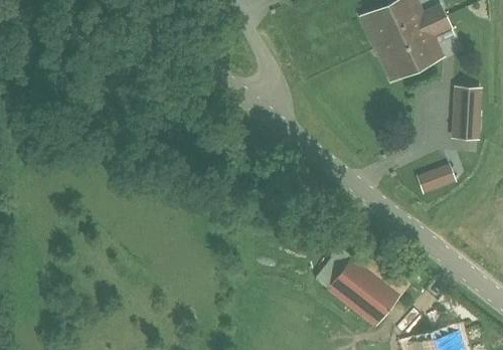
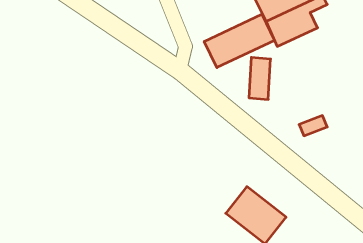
building: none -> [204,14,275,68]
building: [452,88,479,140] -> [249,57,271,99]

